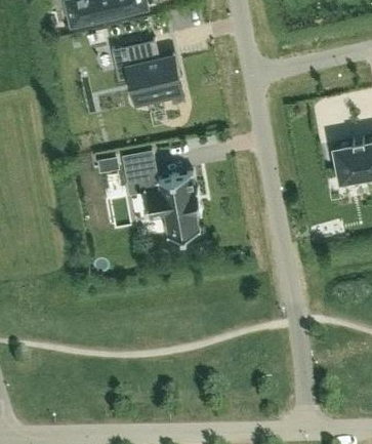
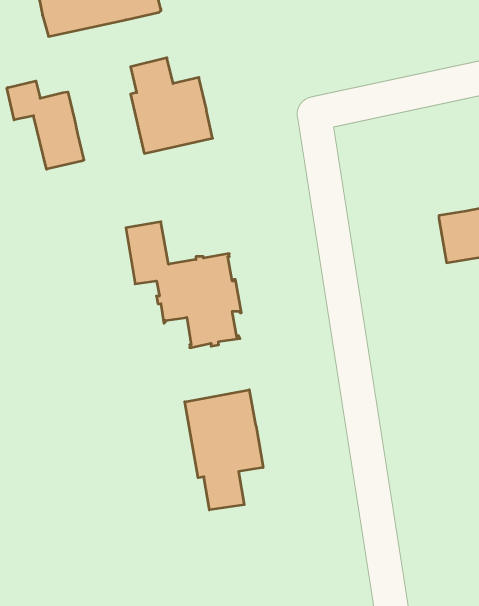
building: none -> [7,81,84,169]
building: none -> [185,390,263,510]

